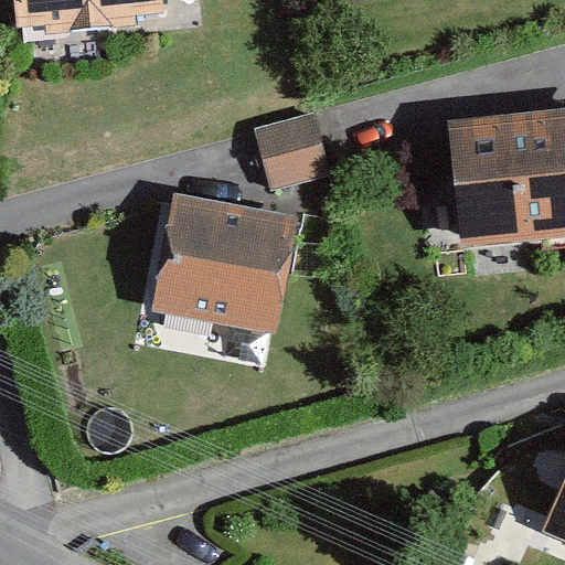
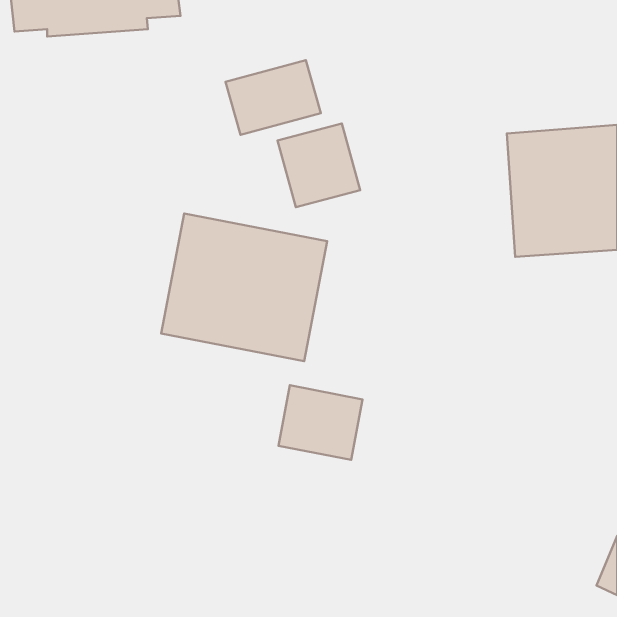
building: none -> [225,60,321,135]
building: none -> [279,385,362,460]

